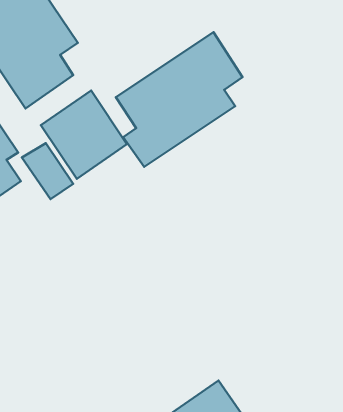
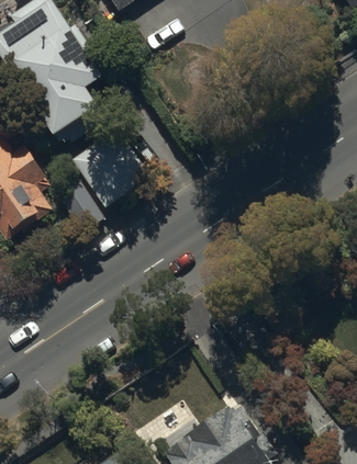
building: [116,32,242,167] -> none

